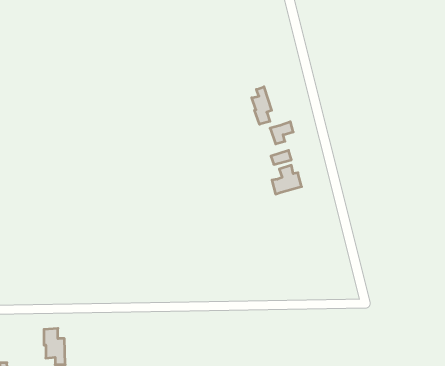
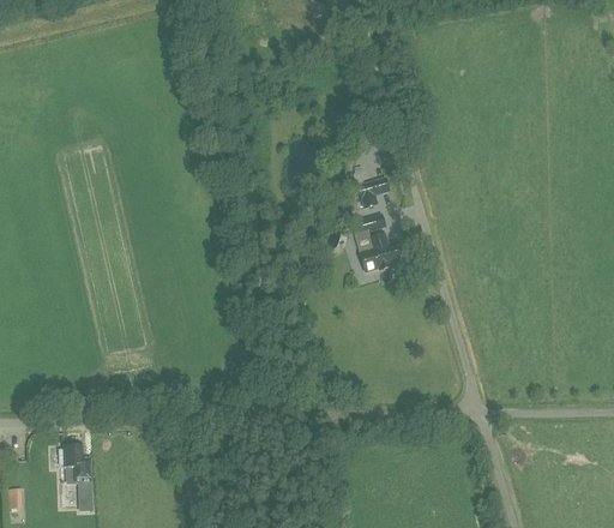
building: [252,87,272,124] -> none

